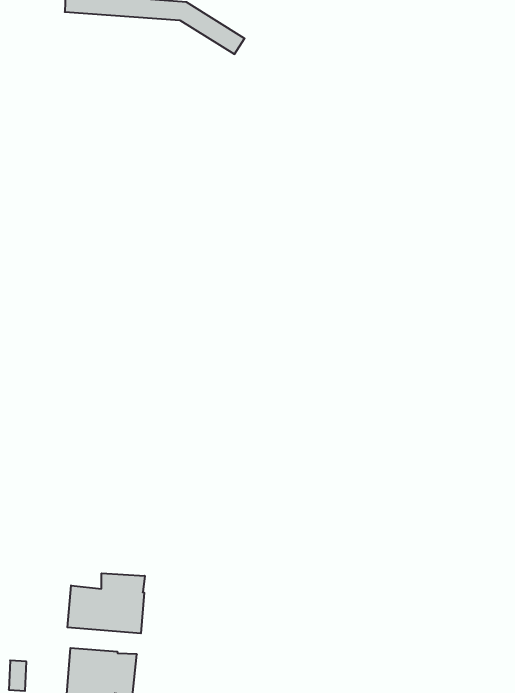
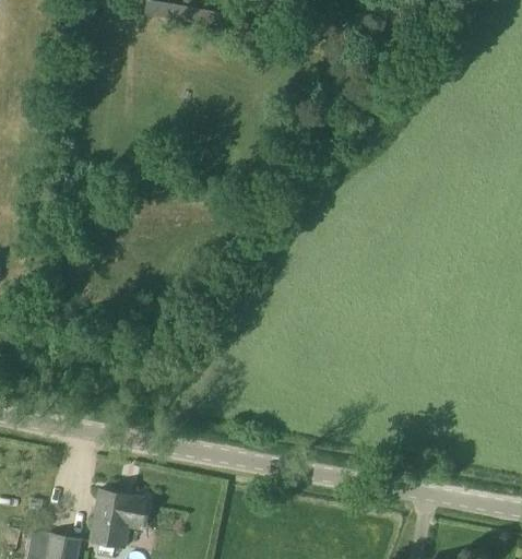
building: [67,573,145,633] -> none

